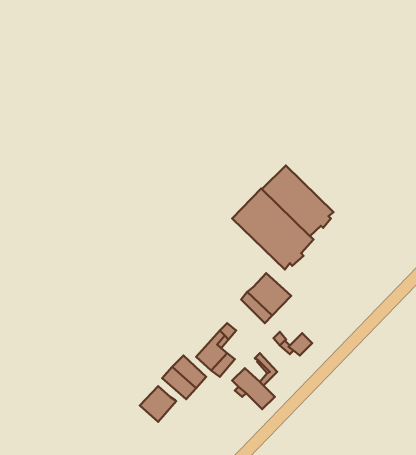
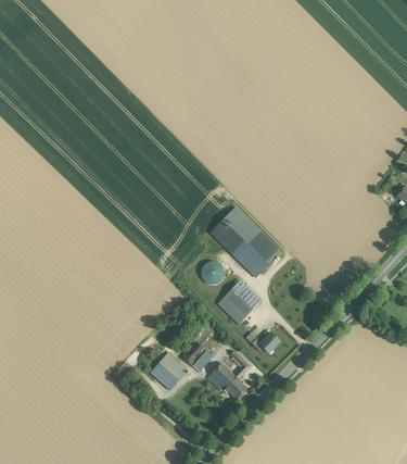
building: [262,165,334,236] -> none
building: none -> [201,261,225,285]
building: [140,386,176,422] -> none

